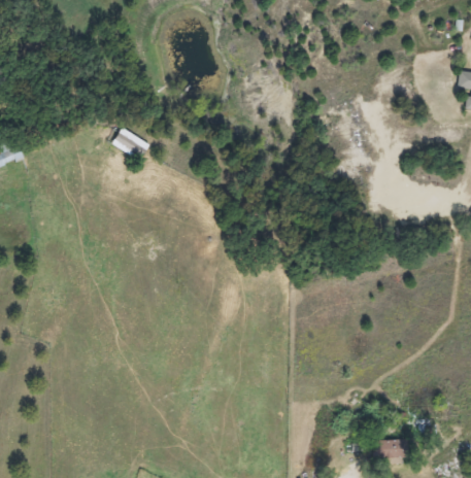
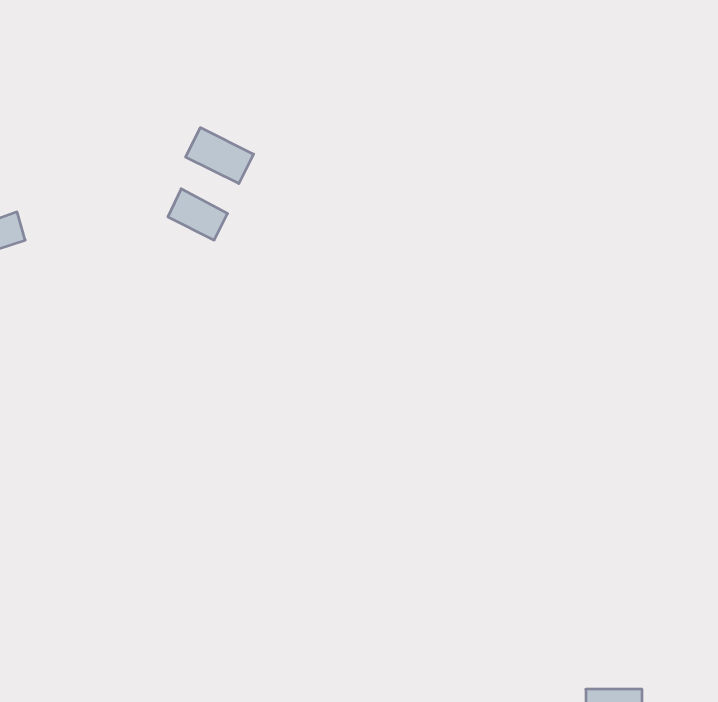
building: none -> [186,128,254,184]

